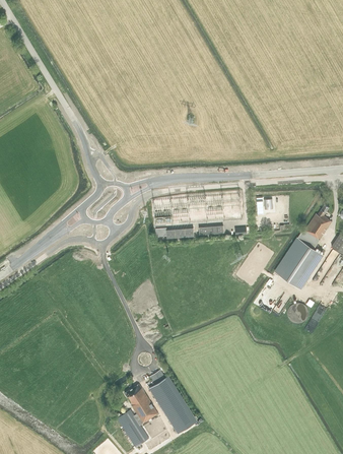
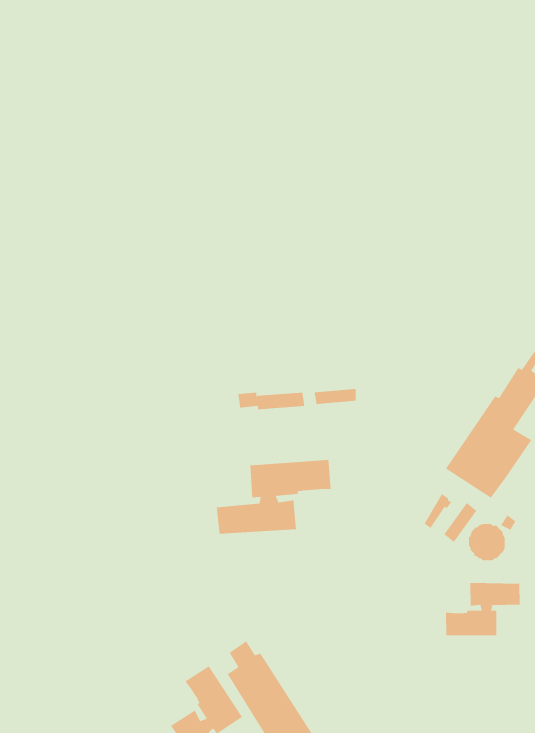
building: none -> [216,459,331,535]
building: none -> [445,582,520,636]

